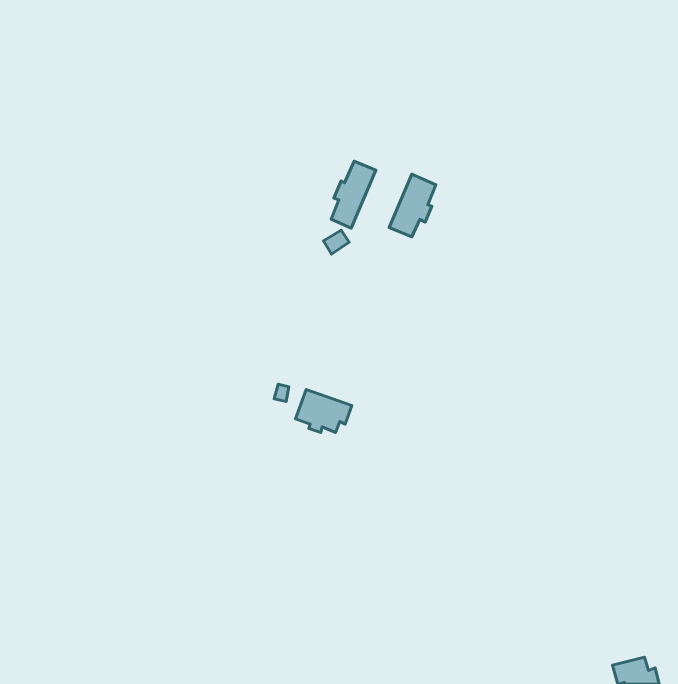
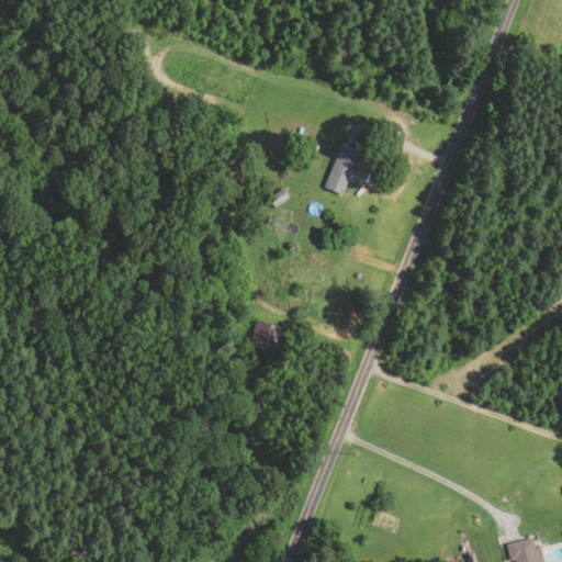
building: [331,161,376,228] -> none

